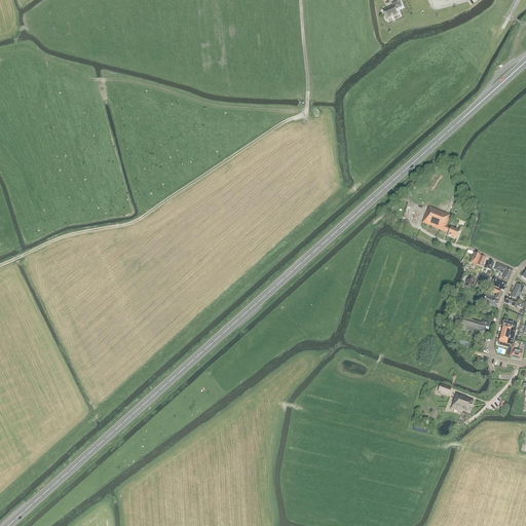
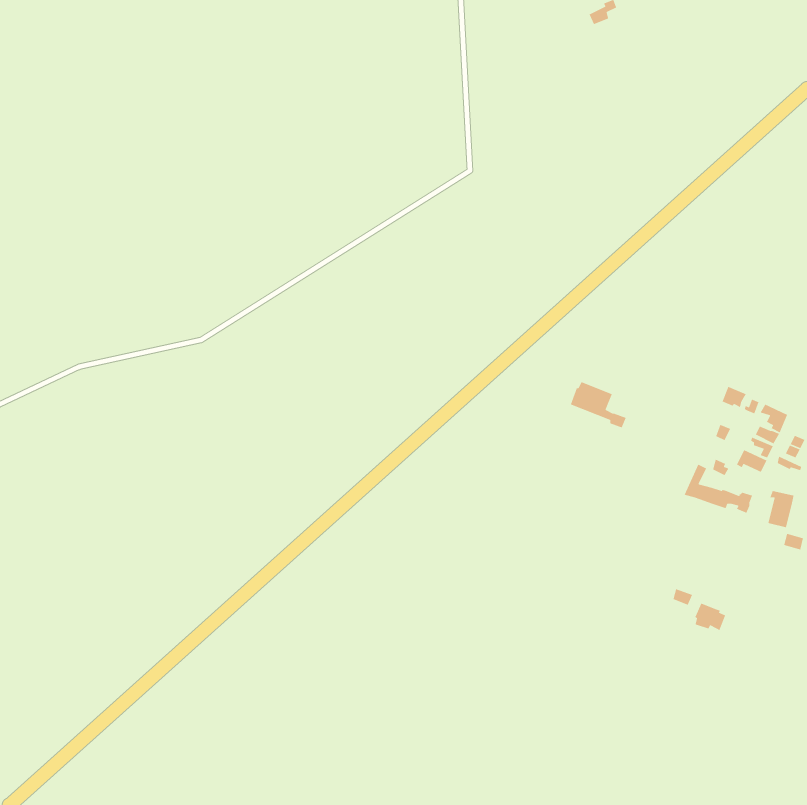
building: [421,205,458,236] -> [570,381,627,429]

